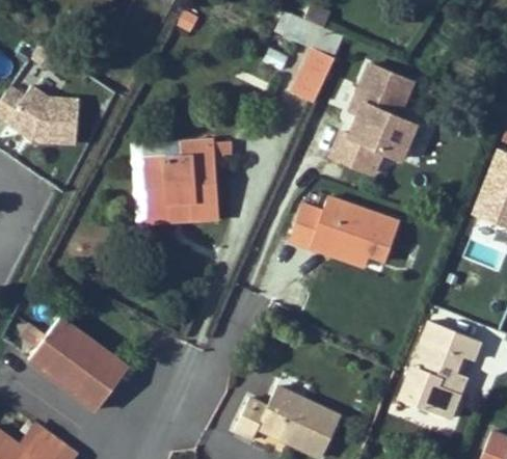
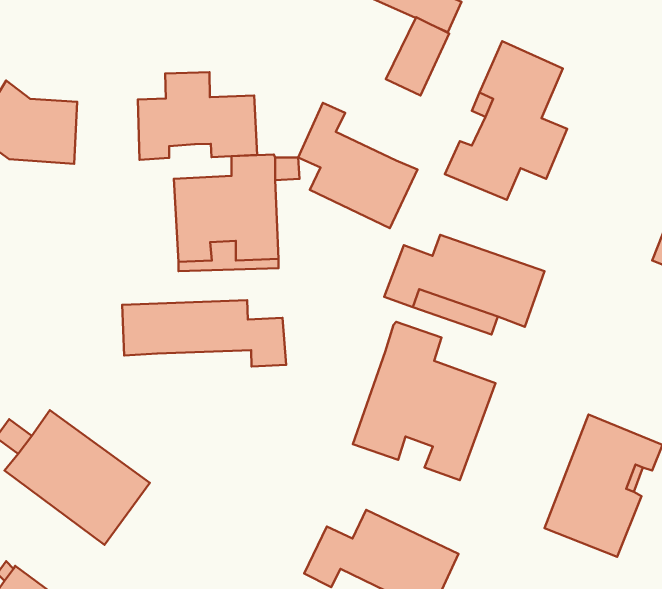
building: none -> [138,72,257,160]
building: none -> [298,103,418,228]
building: none -> [122,300,286,367]
building: none -> [353,322,495,480]

